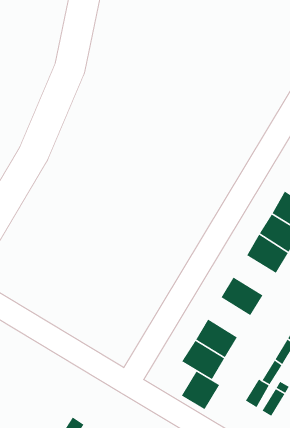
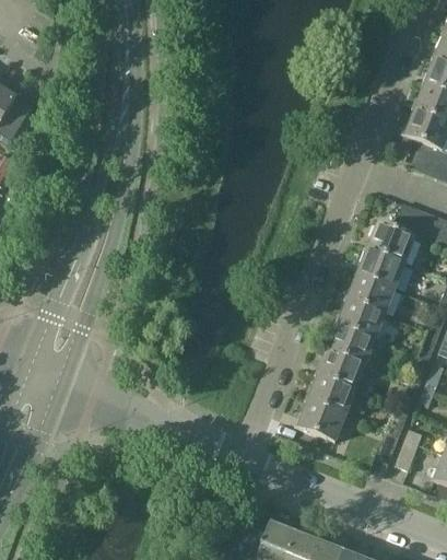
building: none -> [339,301,385,340]
building: none -> [319,351,365,390]
building: [181,370,220,410] -> none

